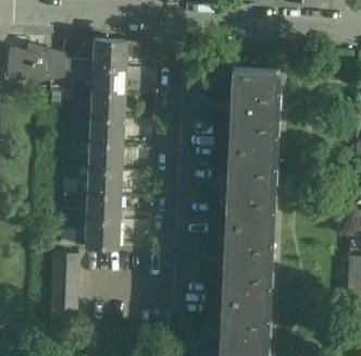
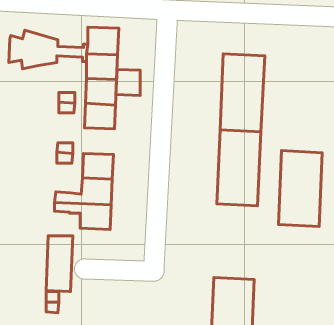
building: none -> [116,69,140,95]
building: [90,145,122,172] -> none
building: [223,222,267,299] -> [278,151,322,227]

